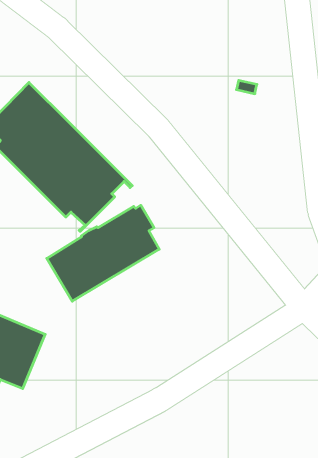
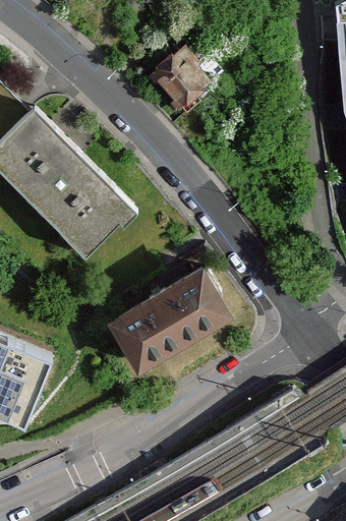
building: none -> [150,54,204,115]
building: [47,205,159,301] -> [112,271,224,366]

